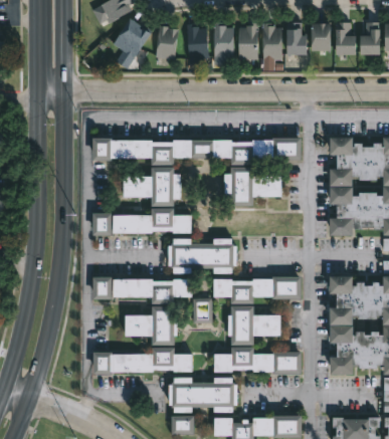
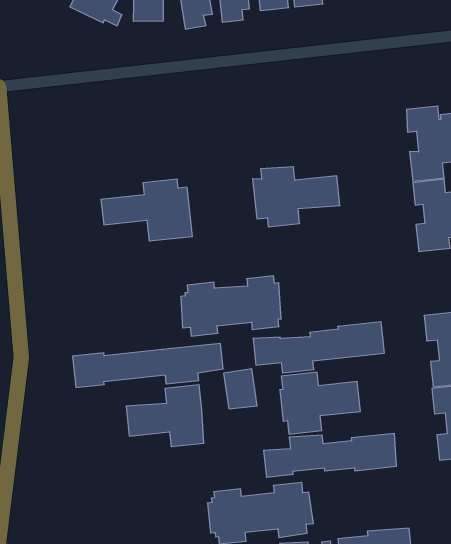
building: [90,137,300,164] -> none
building: [90,207,190,236] -> none
building: [90,348,190,375] -> none

